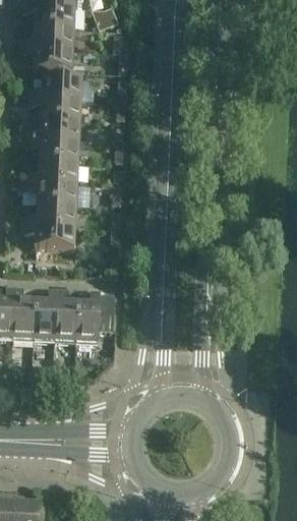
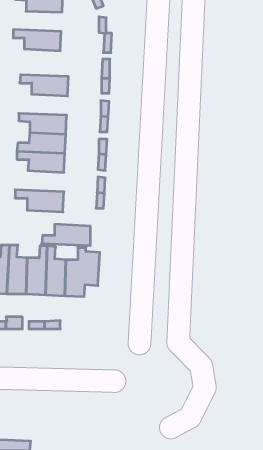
building: [17,26,71,49] -> none
building: [25,75,79,99] -> none
building: [23,118,77,141] -> none
building: [19,202,73,226] -> [42,224,90,246]

